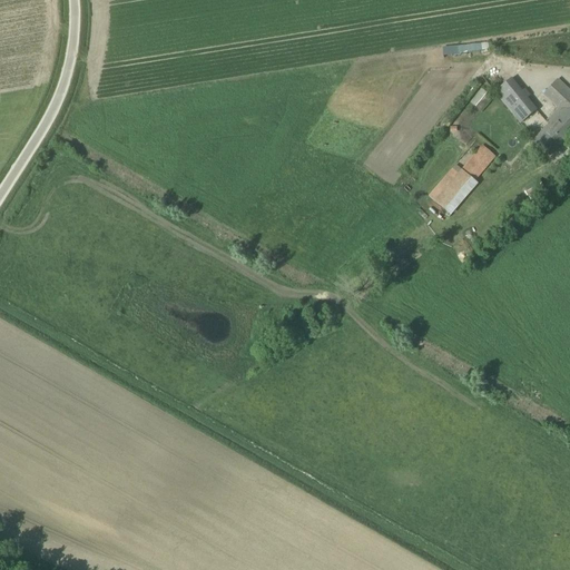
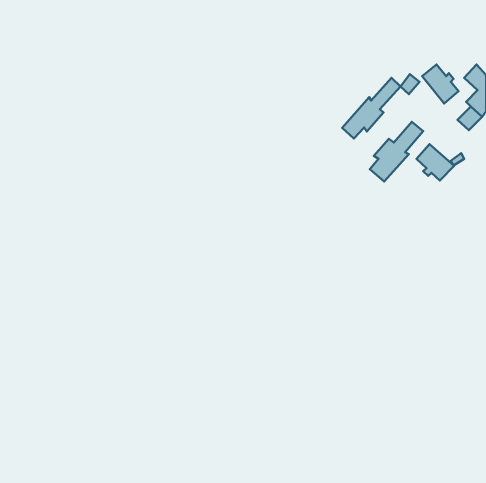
building: none -> [342,78,400,138]
building: none -> [416,144,454,181]

